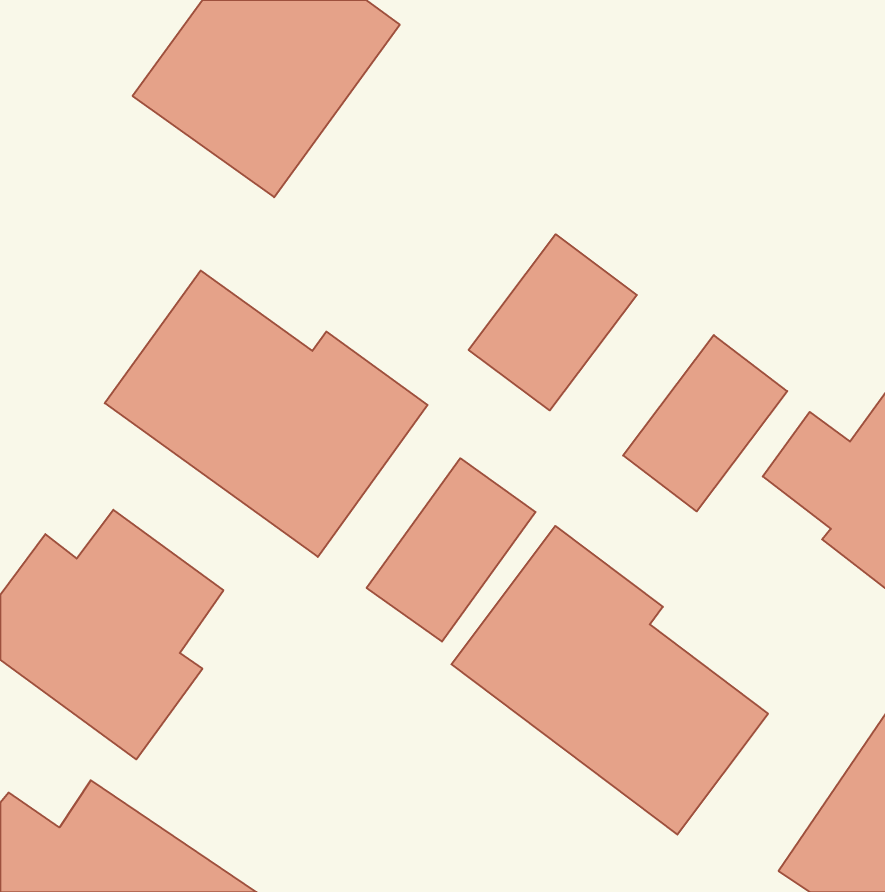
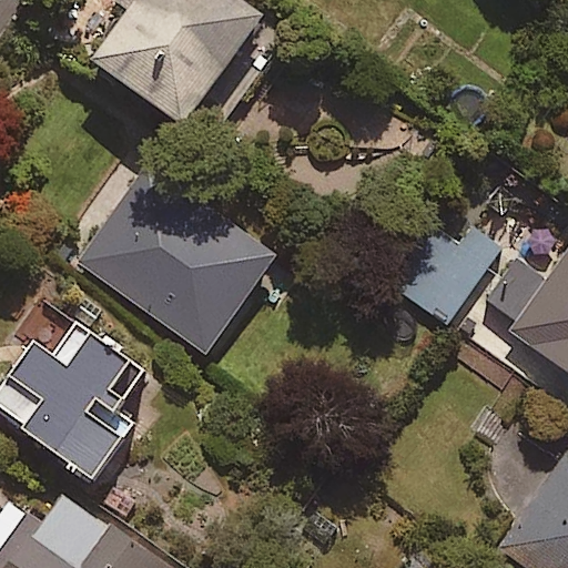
building: [469,234,637,410] -> none
building: [367,458,536,642] -> none
building: [451,526,768,835] -> none

